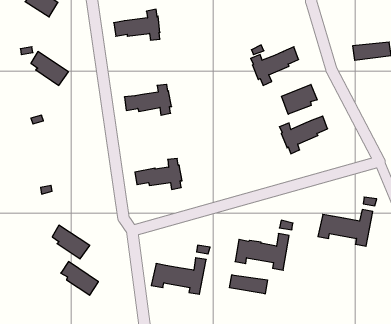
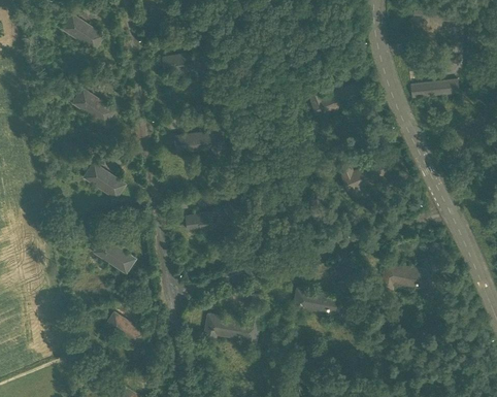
building: [281,84,317,114] -> none
building: none -> [82,163,123,199]
building: [52,225,90,259] -> [94,237,134,273]
building: [230,275,267,294] -> none

